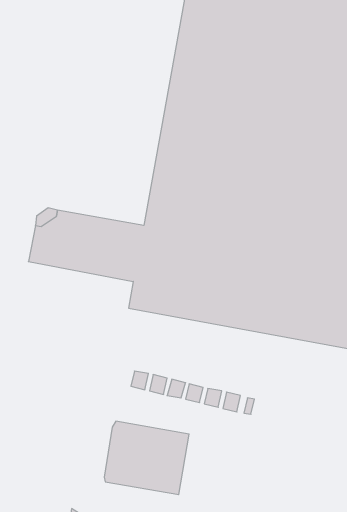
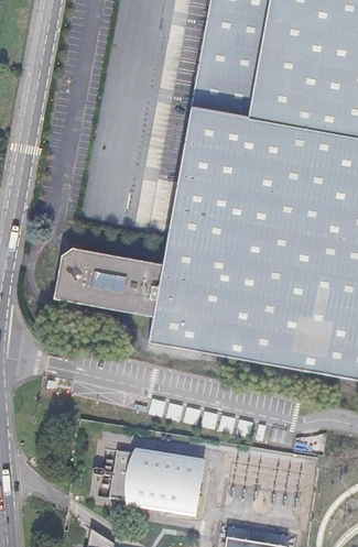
building: none -> [110,451,133,501]

